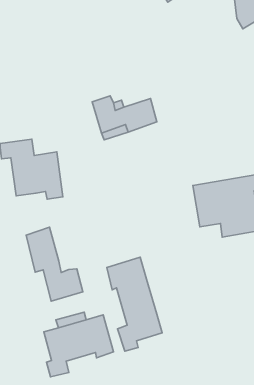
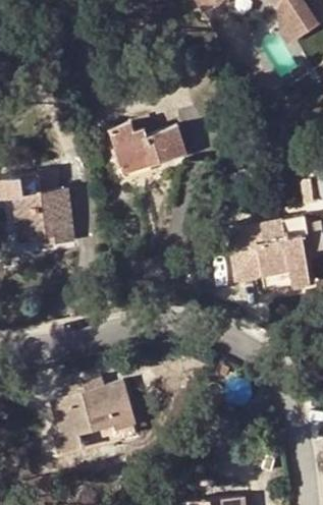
building: [26,227,83,301] -> none
building: [107,257,162,351] -> none

